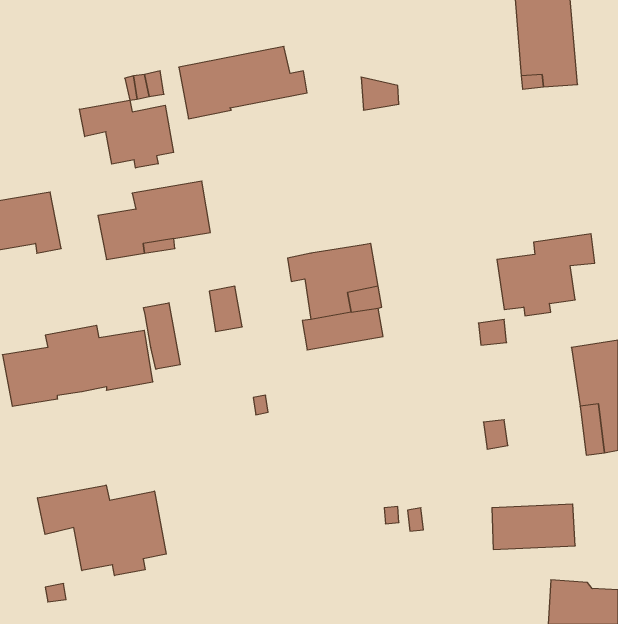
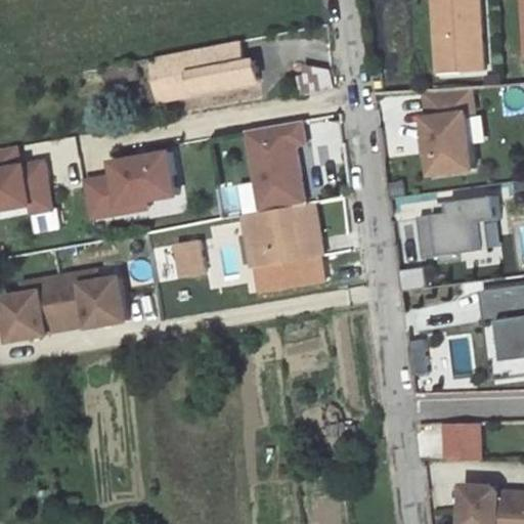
building: [79,100,174,168] -> none
building: none -> [421,87,472,174]
building: none -> [246,121,304,212]
building: [144,303,180,369] -> none
building: [38,485,166,576] -> none

